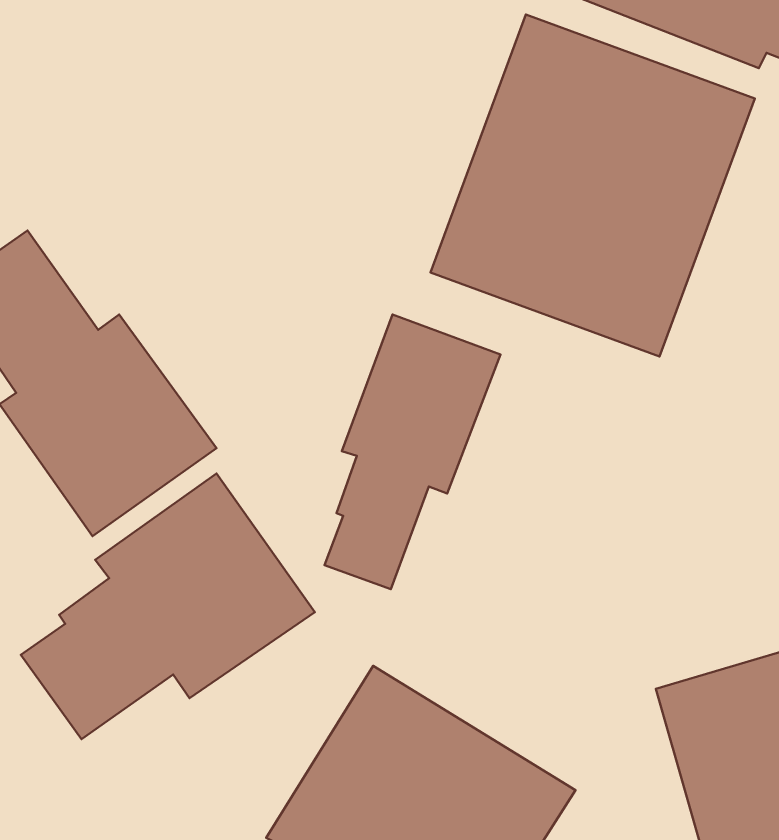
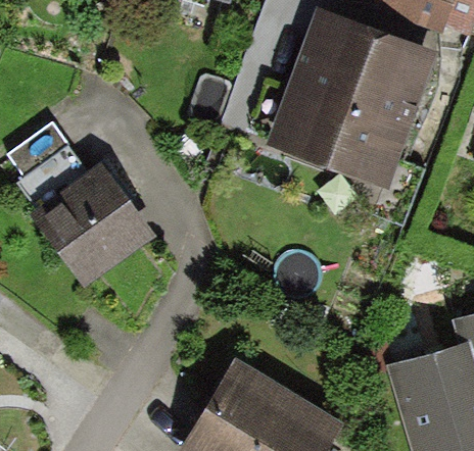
building: [324,315,500,589] -> none
building: [21,474,315,739] -> none

